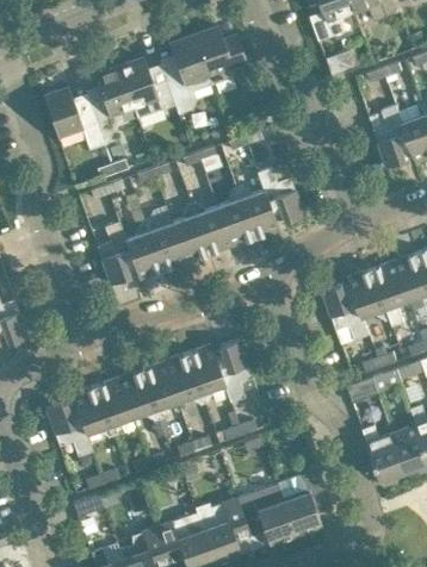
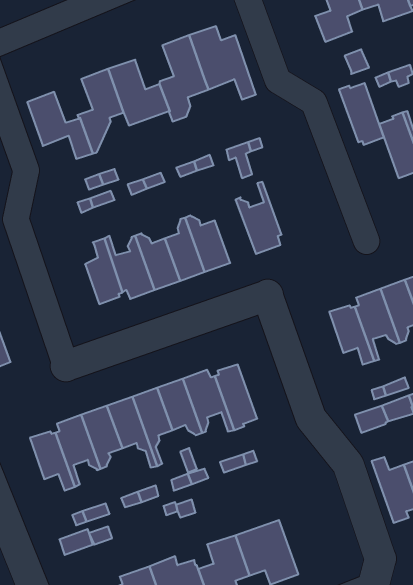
building: [261,164,303,222] -> [339,83,384,145]
building: [217,187,255,245] -> none
building: [277,465,332,534] -> none

